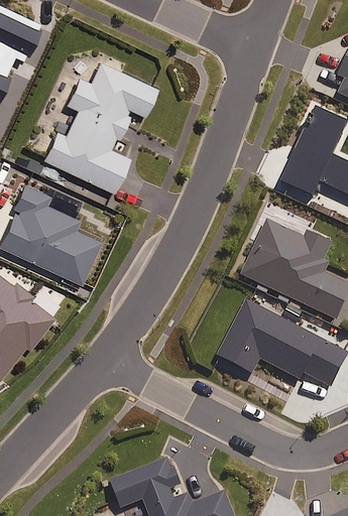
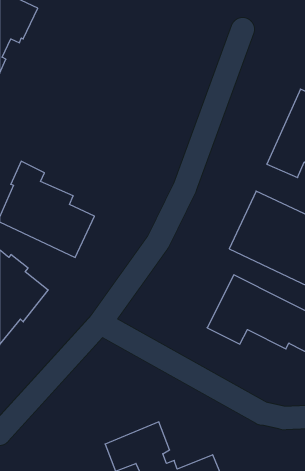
building: [42,58,155,190] -> none

